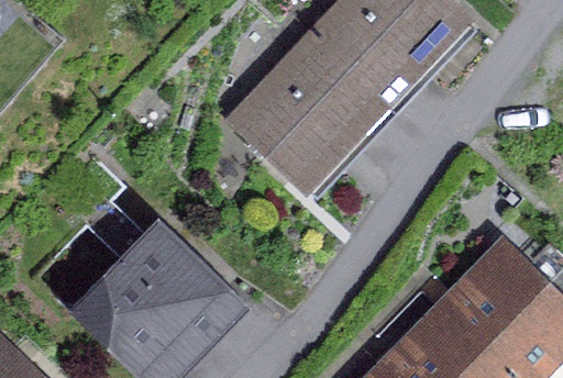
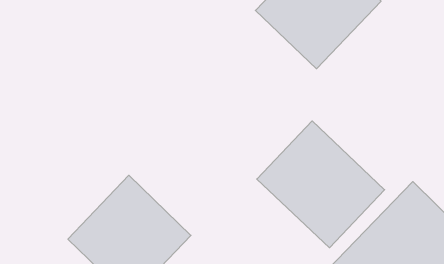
building: [235,35,387,188] -> none
building: none -> [257,121,385,248]

